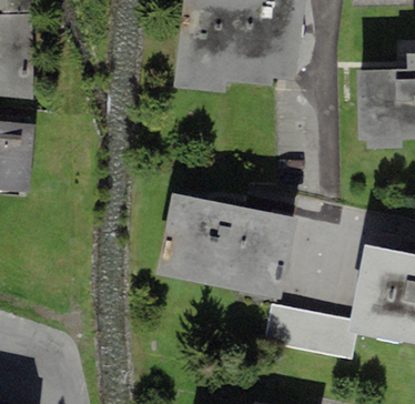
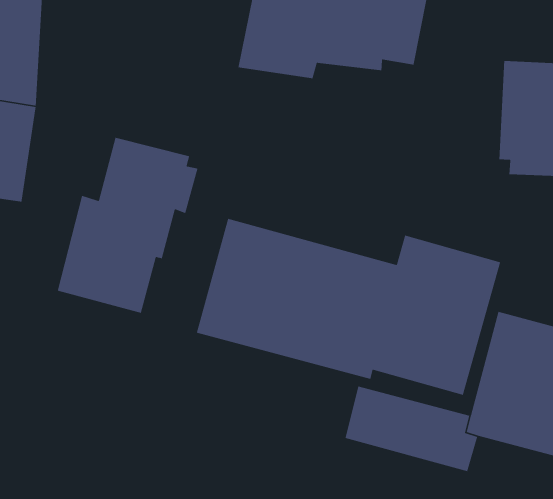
building: none -> [57,137,198,314]

